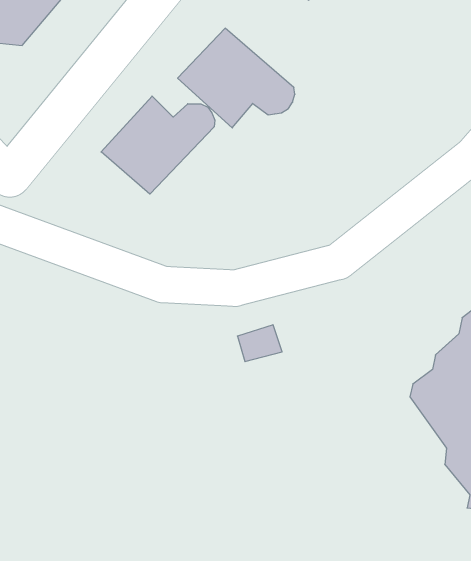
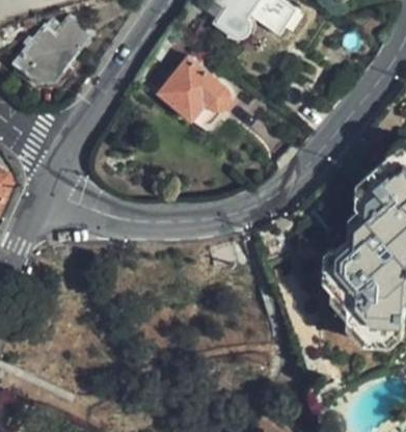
building: [101,96,215,194] -> none

